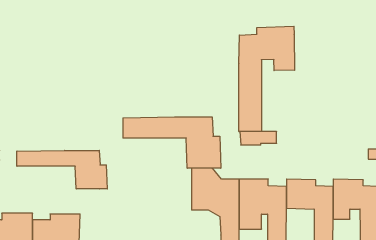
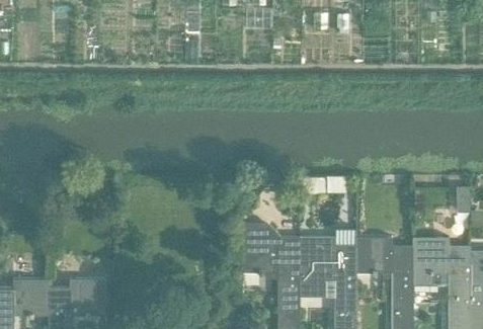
building: [239,26,295,132] -> none
building: [123,117,221,168] -> none
building: [17,150,107,189] -> none

